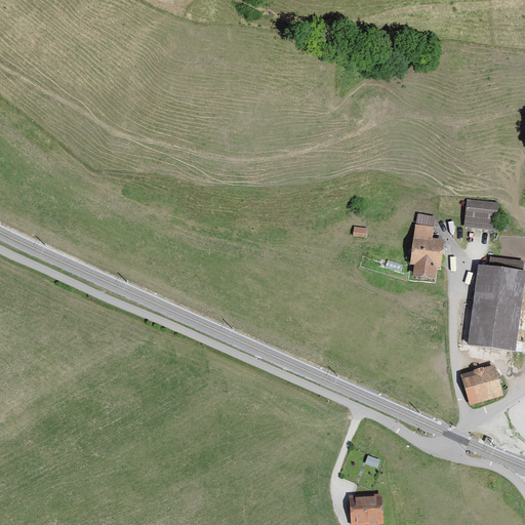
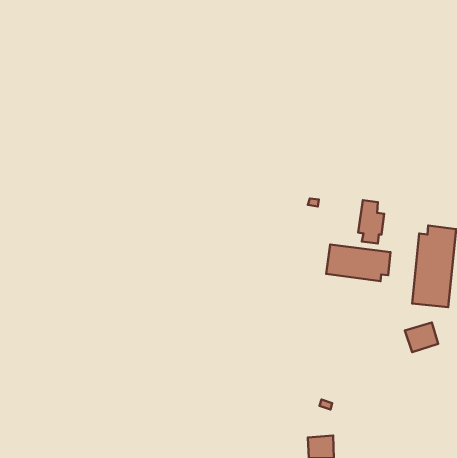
building: [466,200,495,228] -> none
building: none -> [326,244,391,281]

